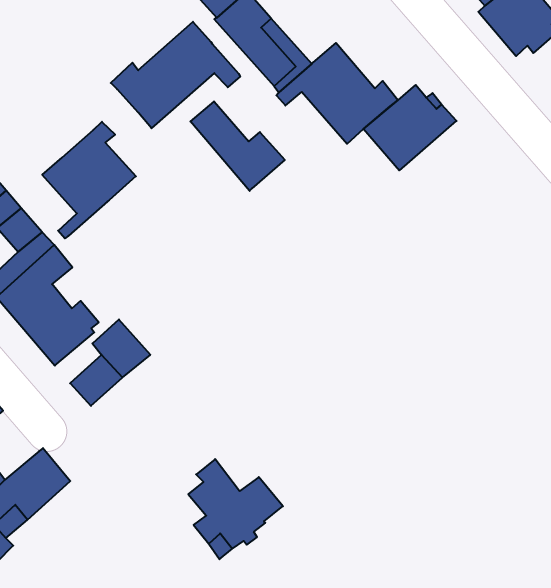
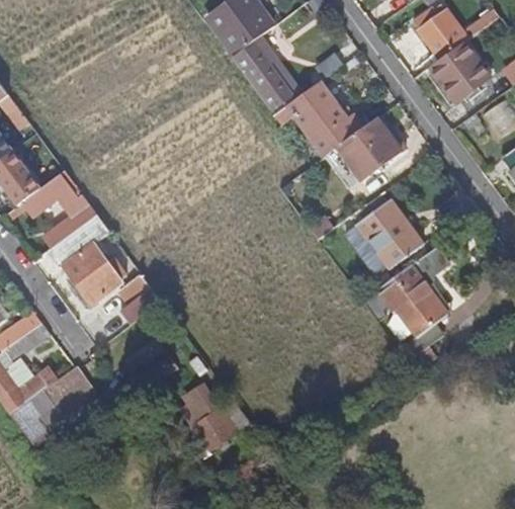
building: [111,22,240,128] -> none
building: [190,101,285,191] -> none
building: [42,122,136,238] -> none
building: none -> [356,199,422,268]
building: none -> [362,246,448,361]

